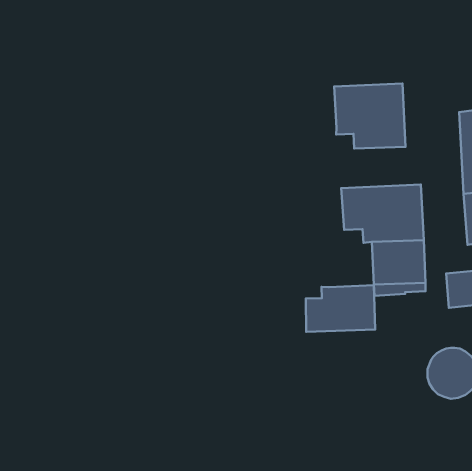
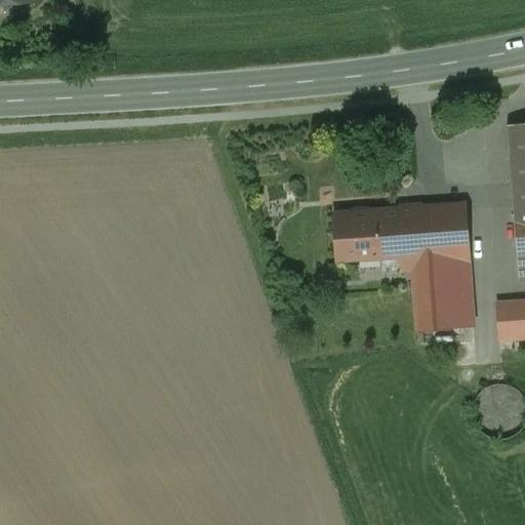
building: [334,83,406,149] -> none
building: none -> [336,208,382,256]
building: [306,285,375,332] -> none

